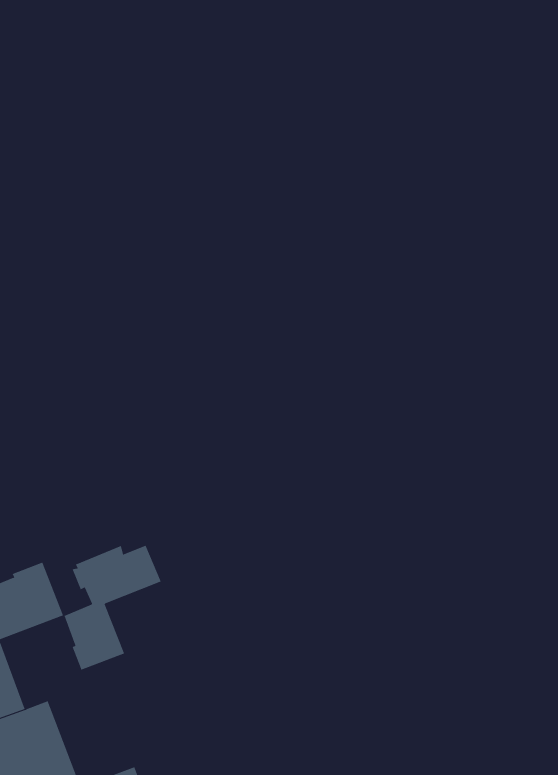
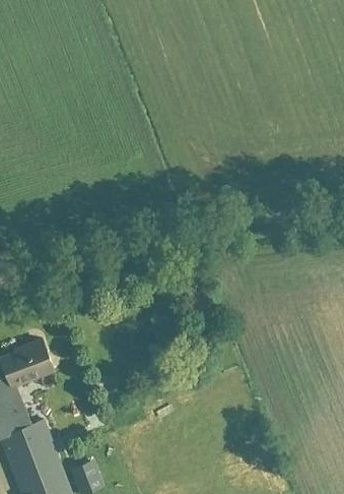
building: [64,545,161,671] -> none

